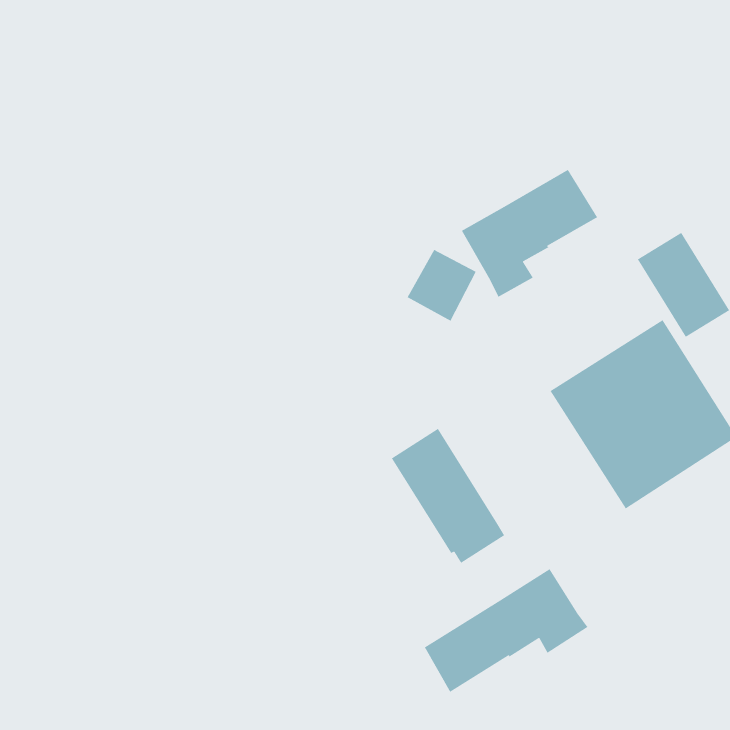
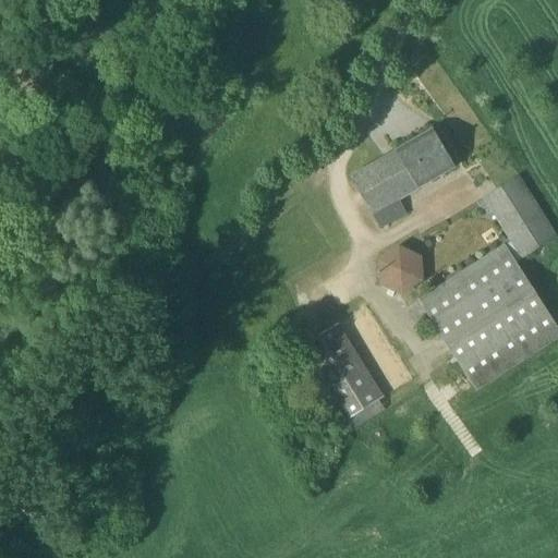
building: [407,249,477,322] -> [375,240,428,295]
building: [424,568,589,693] -> none

